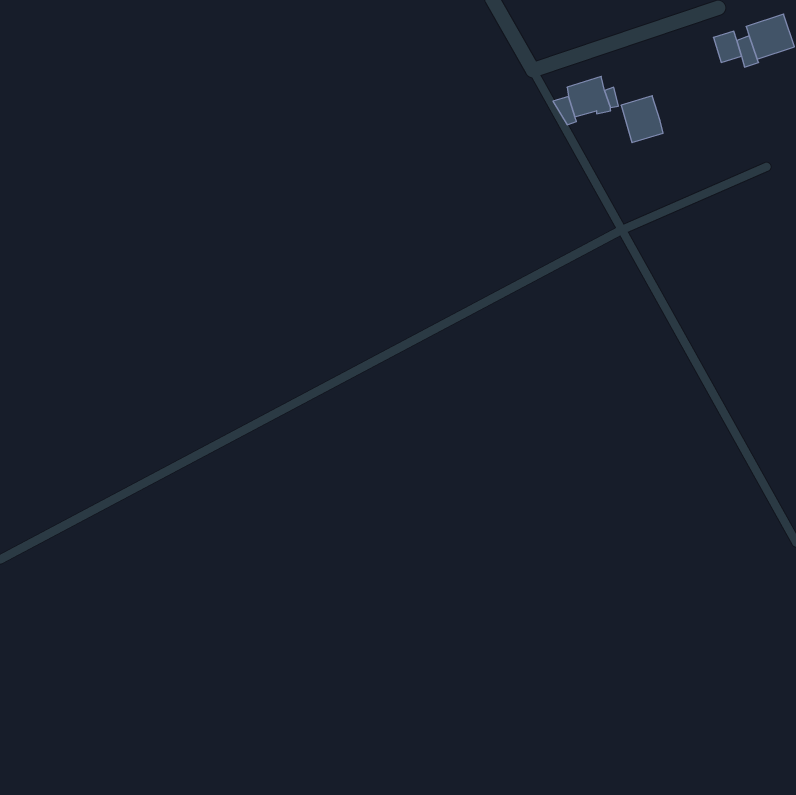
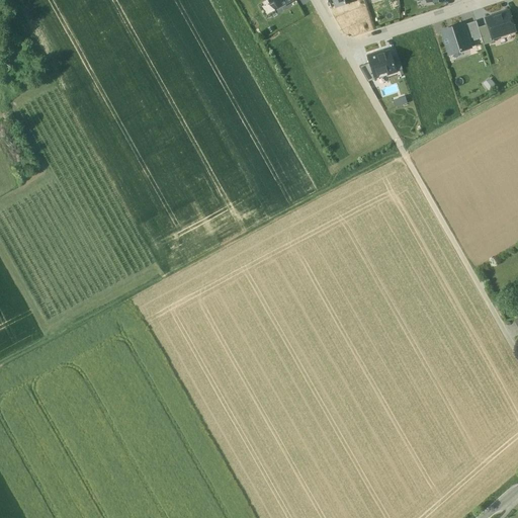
building: [621,96,663,143] -> [443,24,470,55]

